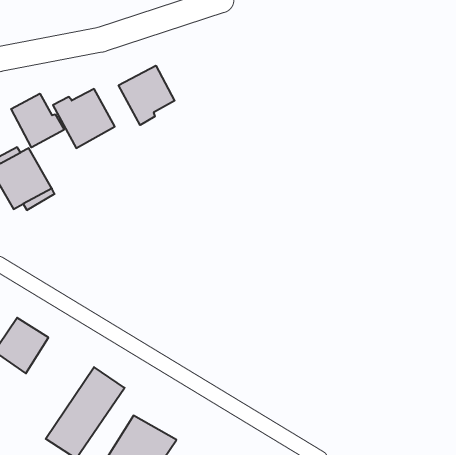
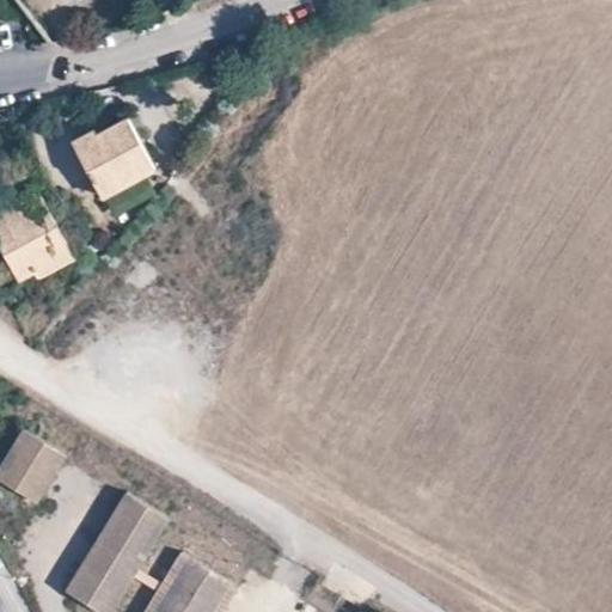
building: [119,66,175,125] -> none
building: [11,94,64,147] -> none

